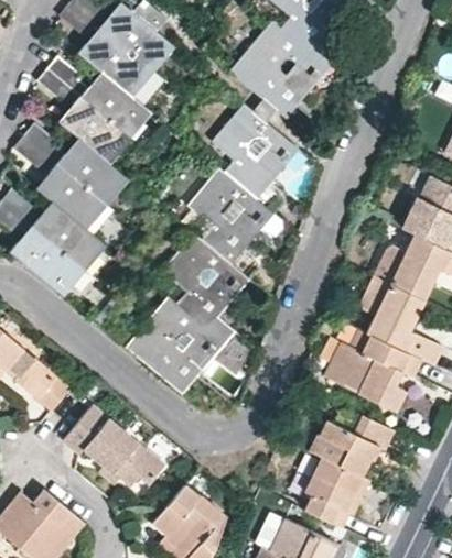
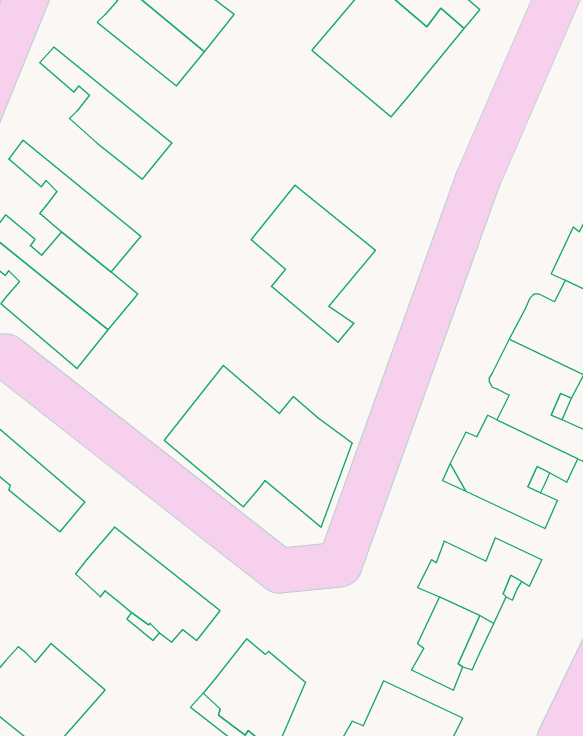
building: [47,55,152,136] -> none
building: [213,102,300,212] -> none
building: [25,121,129,203] -> none
building: [162,231,249,331] -> none

